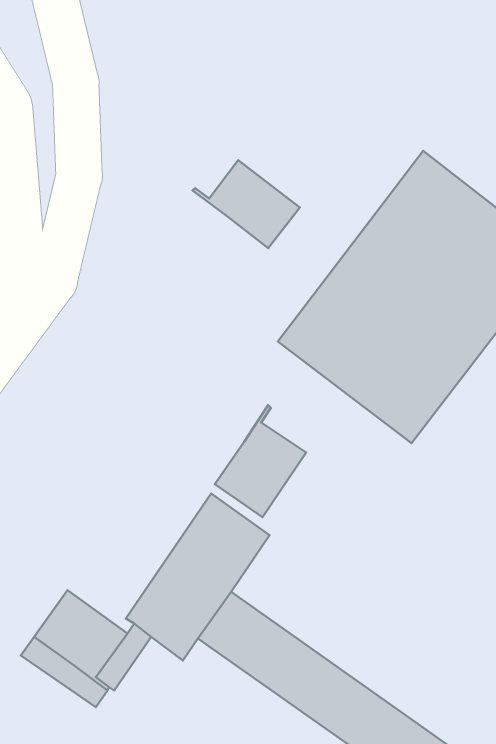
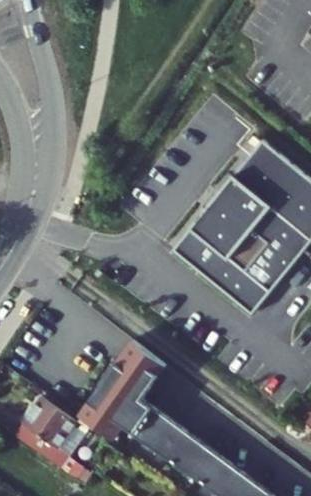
building: [193,160,300,248] -> none
building: [215,405,306,517] -> none

